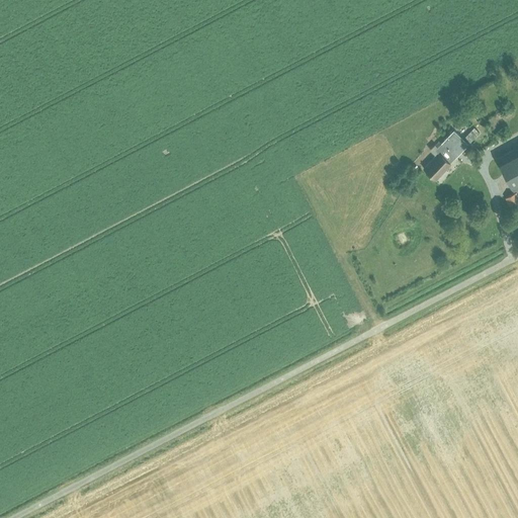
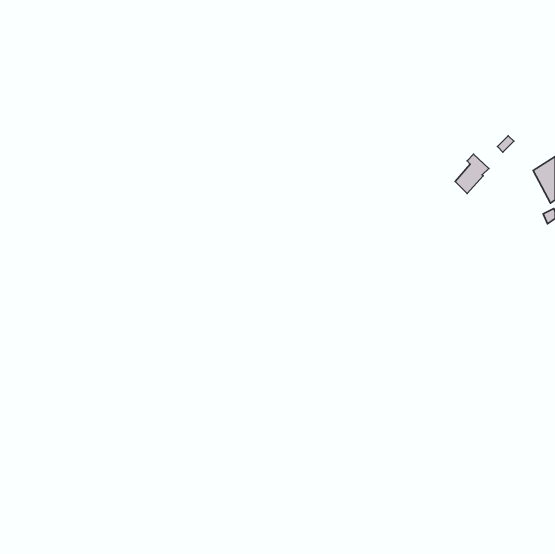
building: [441,132,468,159] -> none

